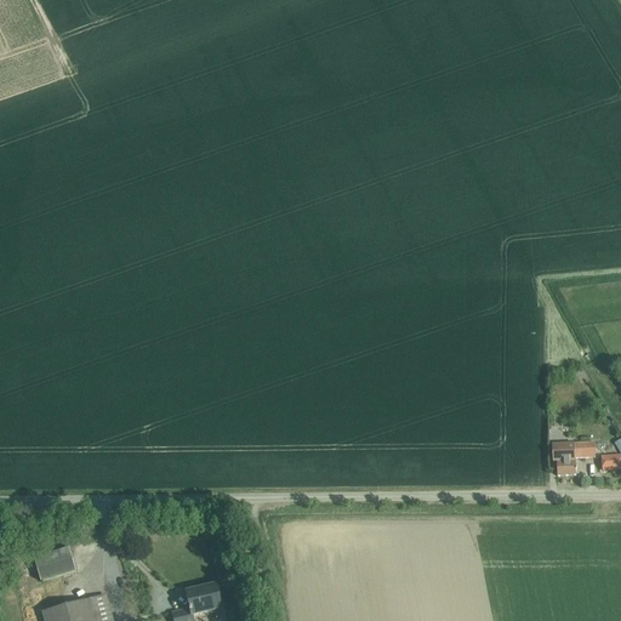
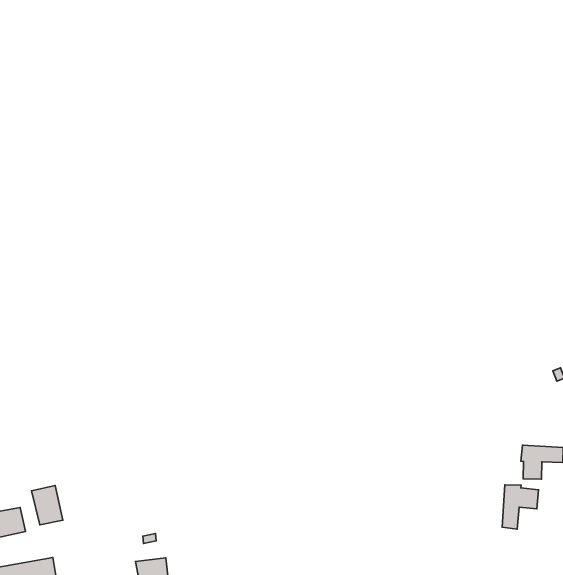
building: none -> [502,485,539,529]
building: none -> [31,485,63,525]

